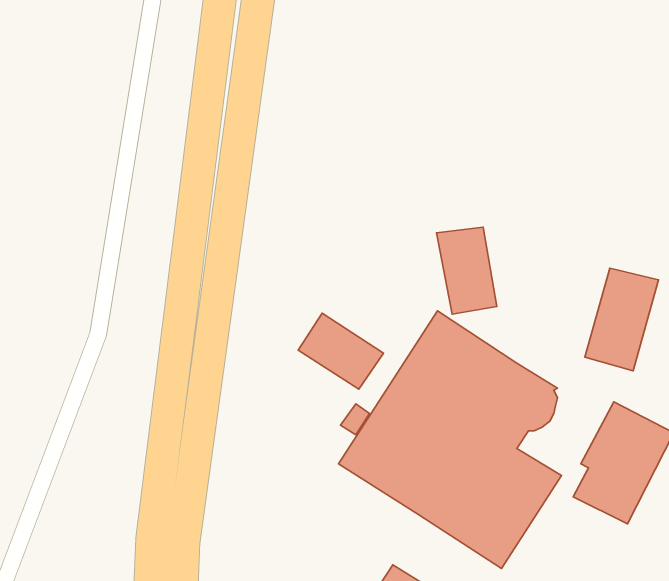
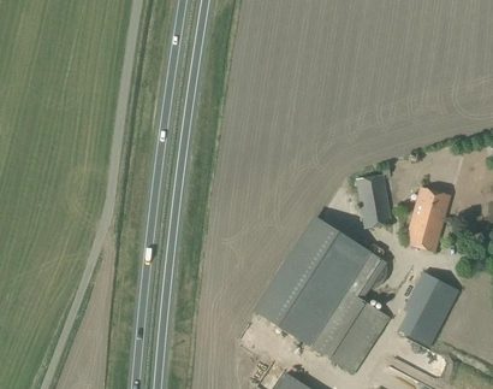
building: [437,227,497,314] -> [356,175,393,229]
building: [298,313,384,389] -> none

